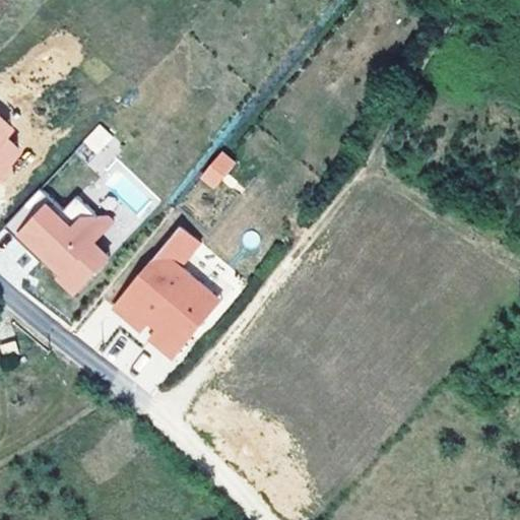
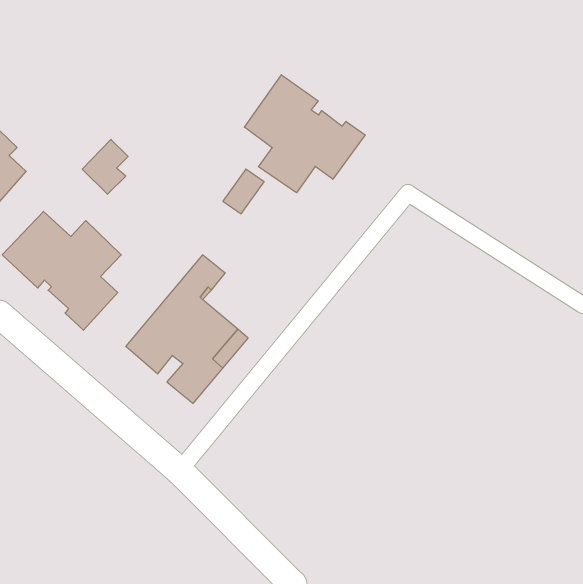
building: none -> [244,75,365,193]

